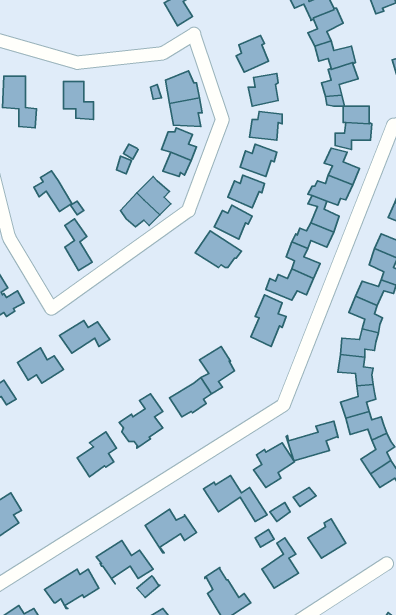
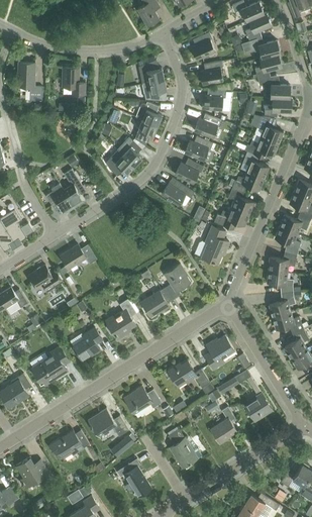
building: [34,171,72,212] -> [45,183,74,213]
building: [286,421,338,461] -> none
building: none -> [31,345,70,385]

